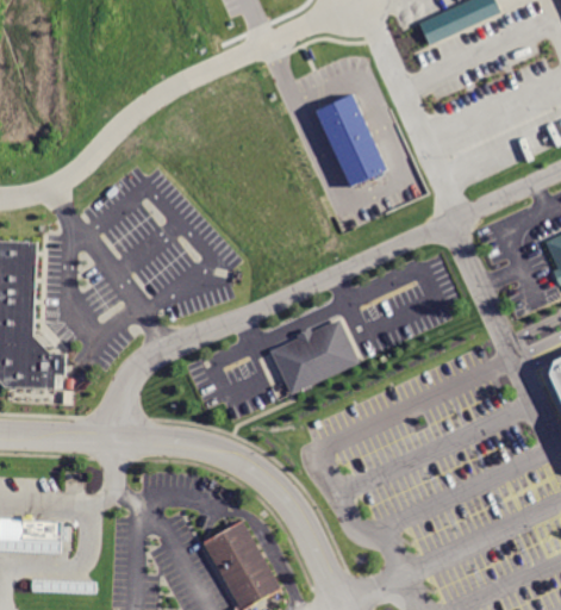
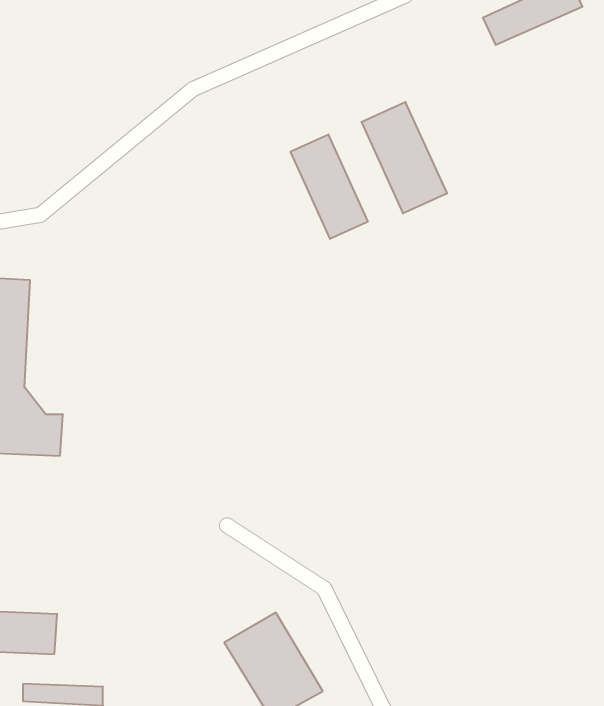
building: none -> [291,134,368,239]
building: [272,317,362,394] -> none

